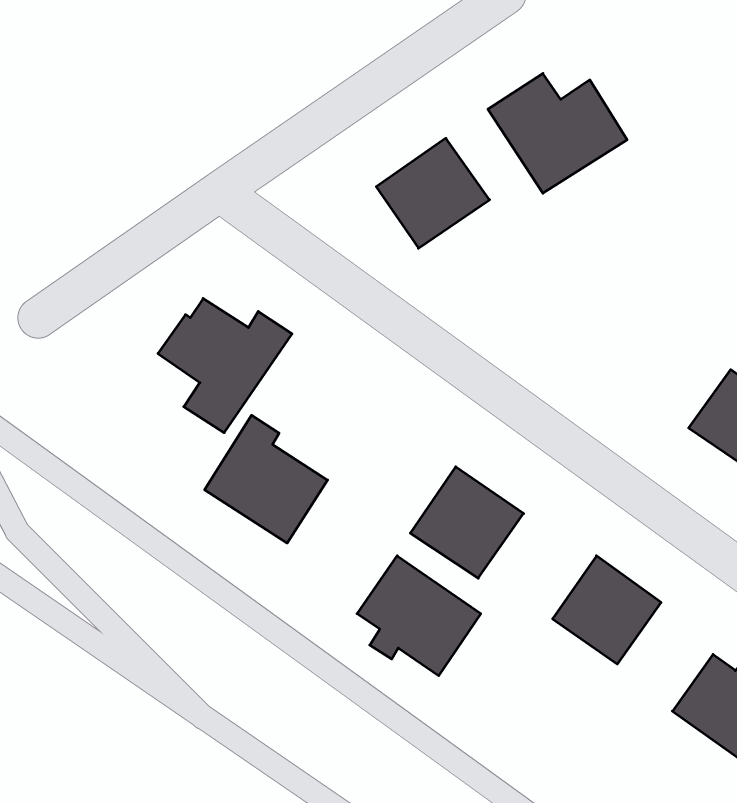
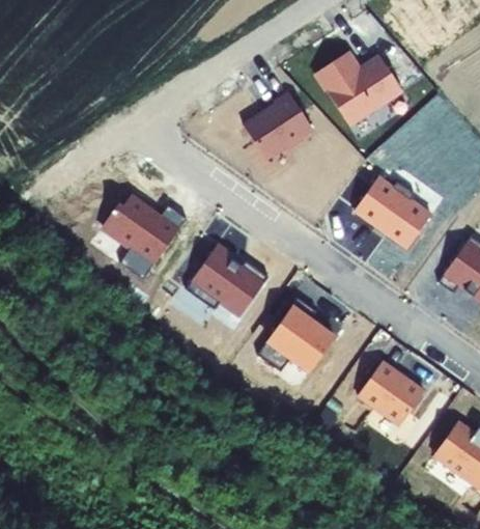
building: none -> [351,174,431,249]
building: [205,415,328,543] -> [187,236,265,318]
building: [357,556,481,676] -> none

